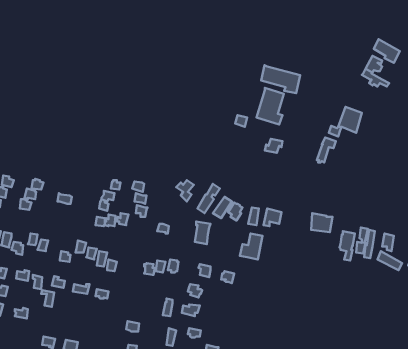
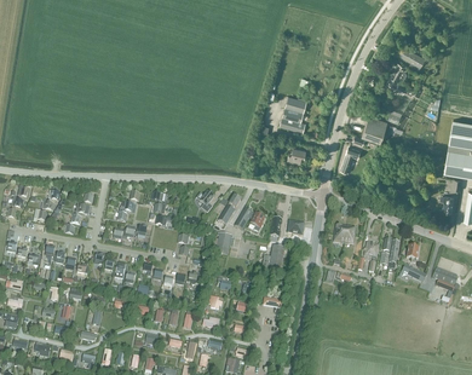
building: [261,65,300,93] -> none

